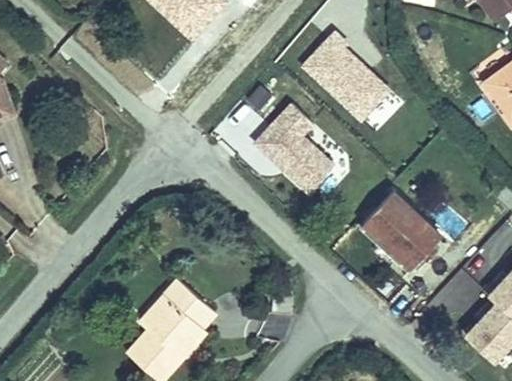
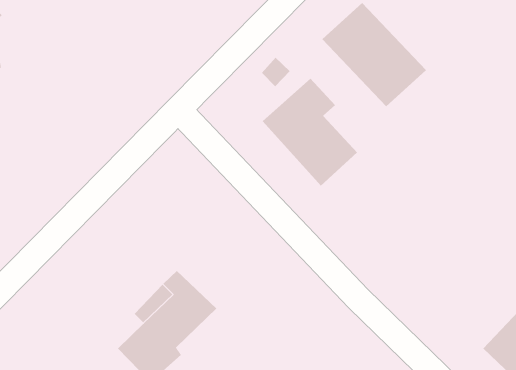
building: [360,188,442,268] -> none

